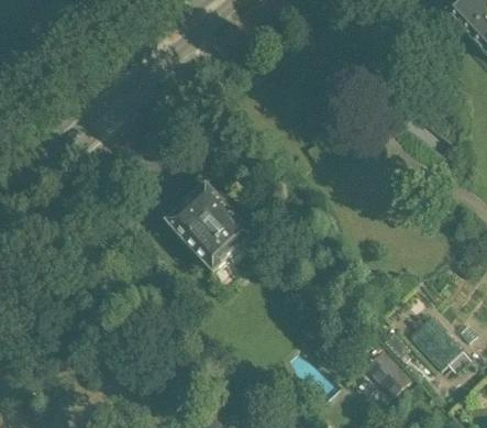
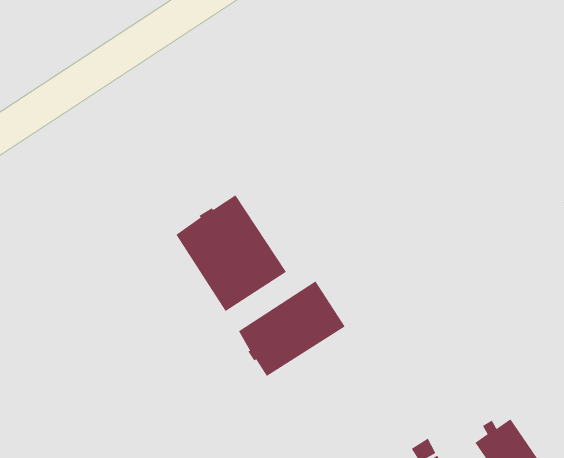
building: none -> [238,281,345,377]

